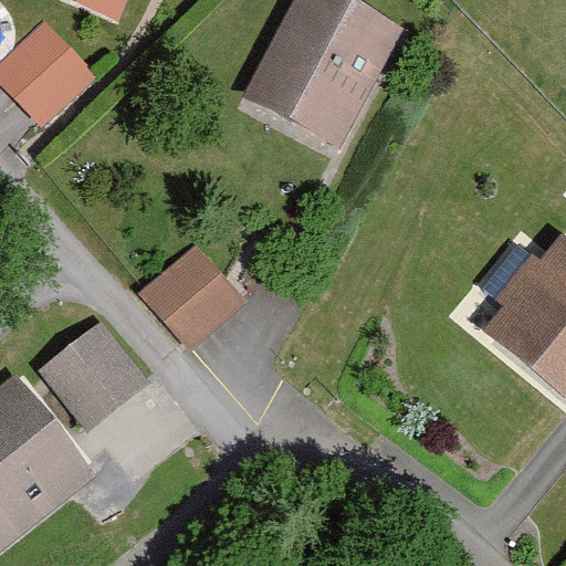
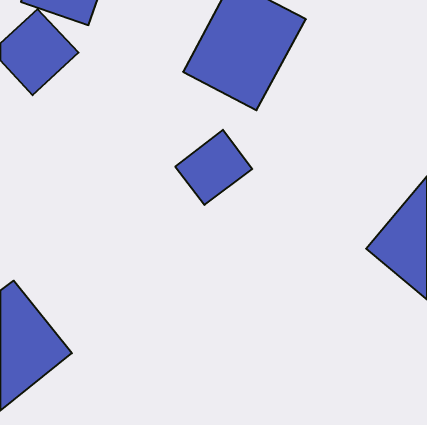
building: [134,255,235,355] -> [175,130,252,205]
building: [40,319,150,430] -> none

